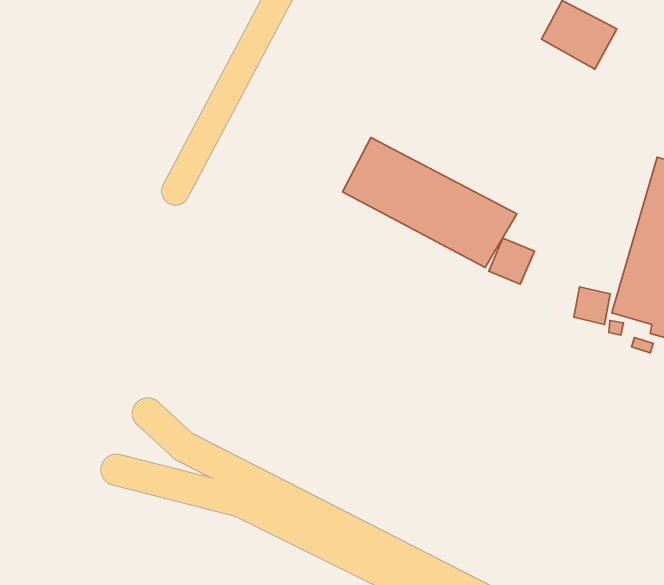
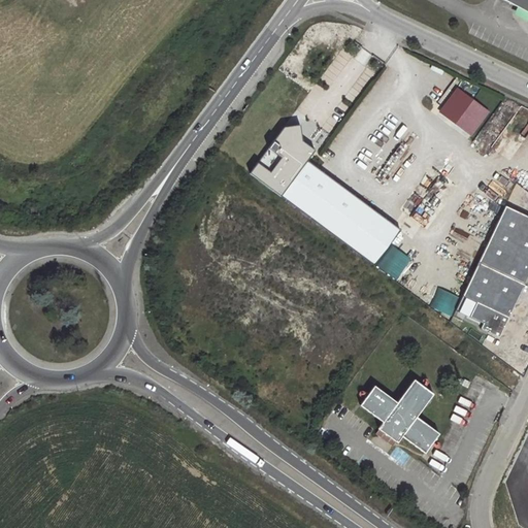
building: none -> [251,125,315,195]
building: none -> [360,382,439,453]

